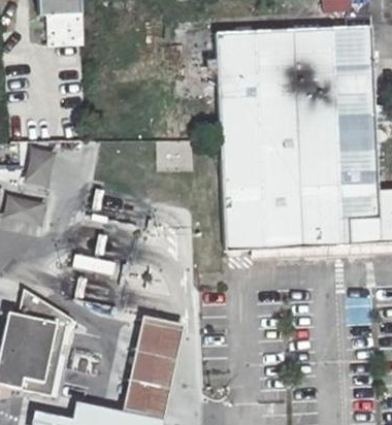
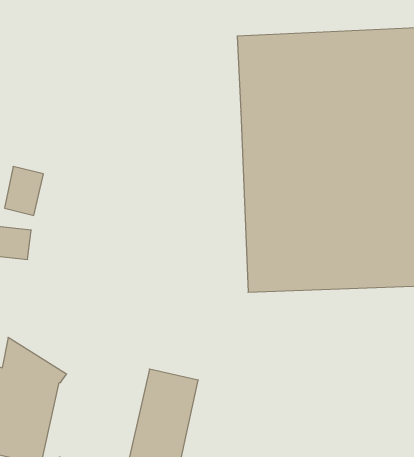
building: [43,9,81,38] -> none

